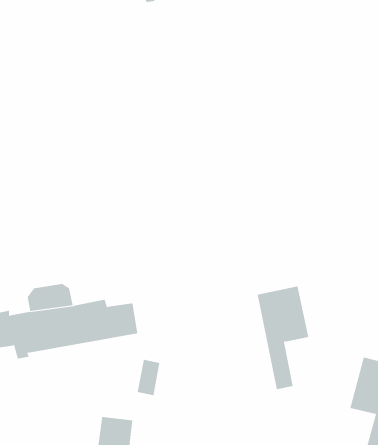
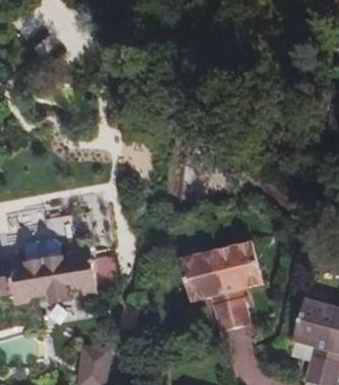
building: none -> [180,249,232,331]

